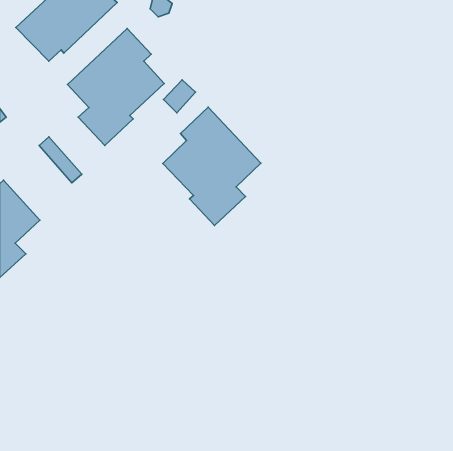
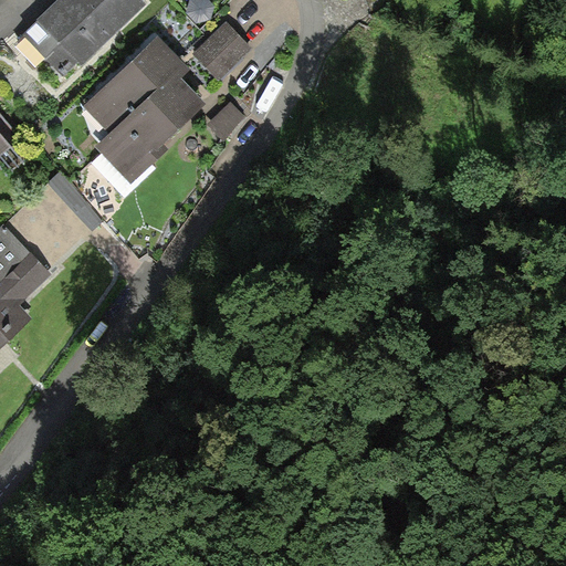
building: none -> [192,20,251,77]
building: [163,107,261,226] -> none

